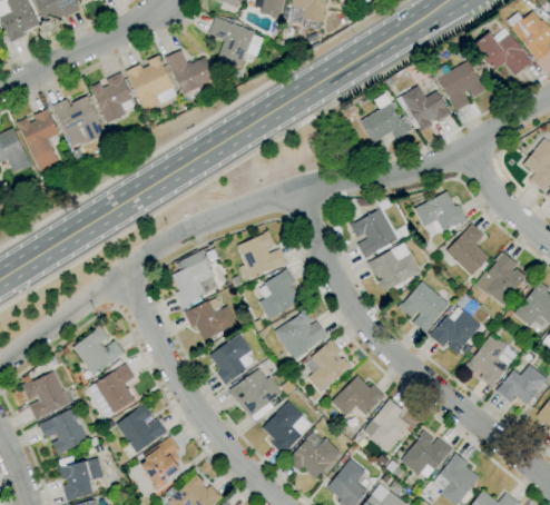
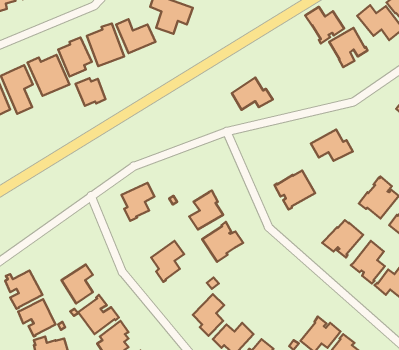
building: [401,86,451,132] -> [305,7,344,43]
building: [361,102,413,143] -> [232,78,273,110]
building: none -> [76,78,105,106]
building: [350,202,397,259] -> none
building: [446,224,490,276] -> none
building: [238,230,286,280] -> none
building: [397,281,450,334] -> none
building: [184,300,237,340] -> none
building: [73,326,125,376] -> none
building: [308,339,353,393] -> none
building: [227,368,282,423] -> none
building: [332,376,385,416] -> none
building: [371,399,410,452] -> none

